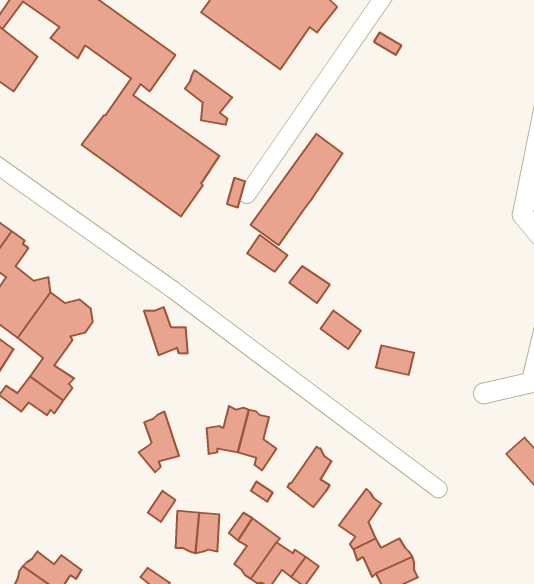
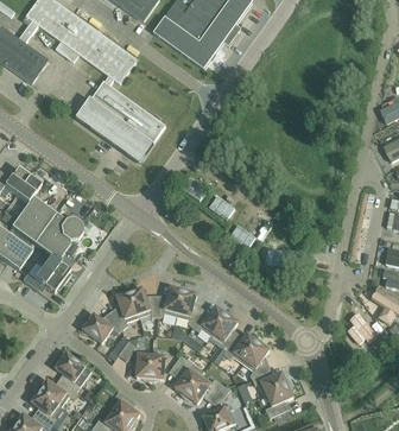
building: [185,70,232,125] -> none
building: [251,134,343,245] -> none
building: [144,307,188,355] -> [128,286,157,317]
building: none -> [191,305,227,335]
building: none -> [82,312,122,342]
building: none -> [222,332,259,362]
building: none -> [55,351,84,391]

